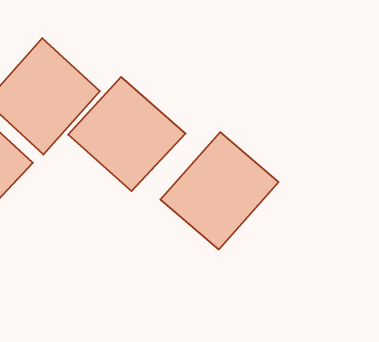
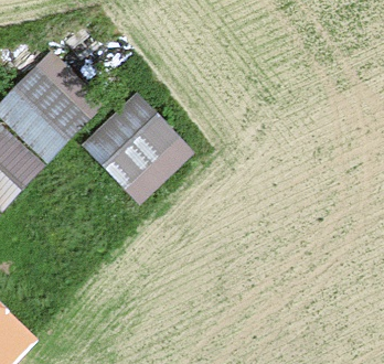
building: [160,132,278,249] -> none

